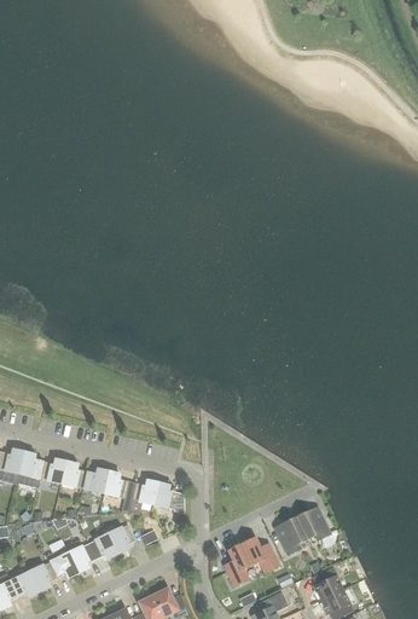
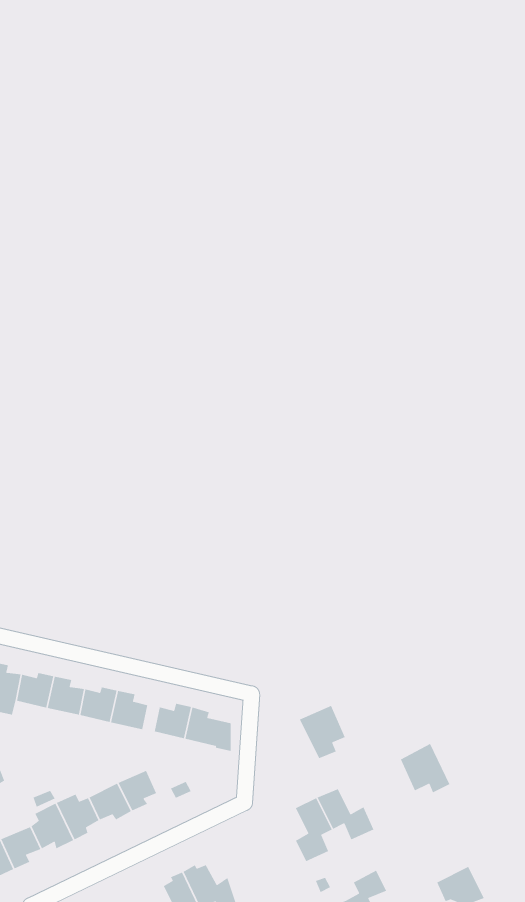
building: [274,517,306,554] -> [299,705,346,759]
building: [313,567,342,600] -> none

